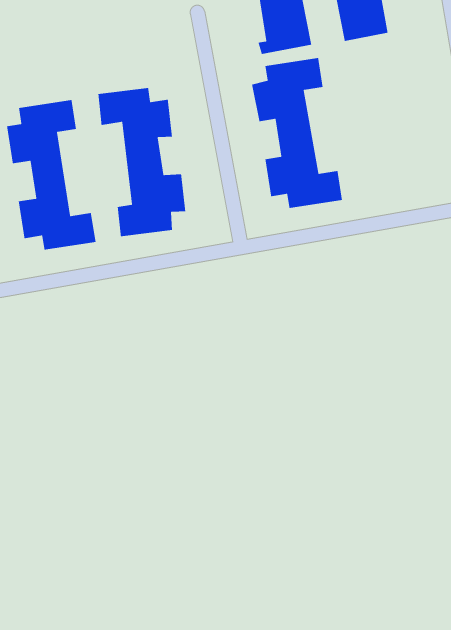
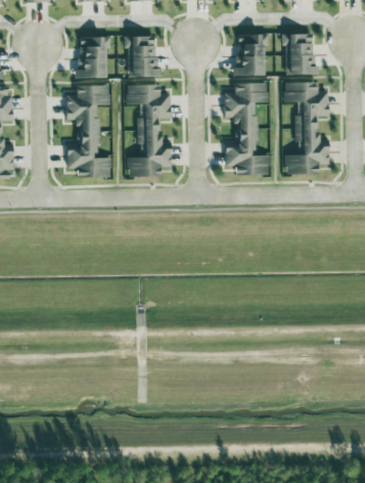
building: none -> [124,36,157,78]
building: none -> [76,37,110,79]
building: none -> [284,82,329,175]

